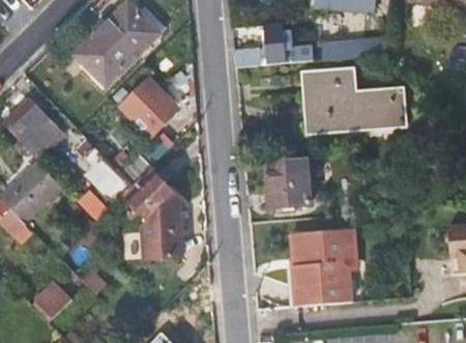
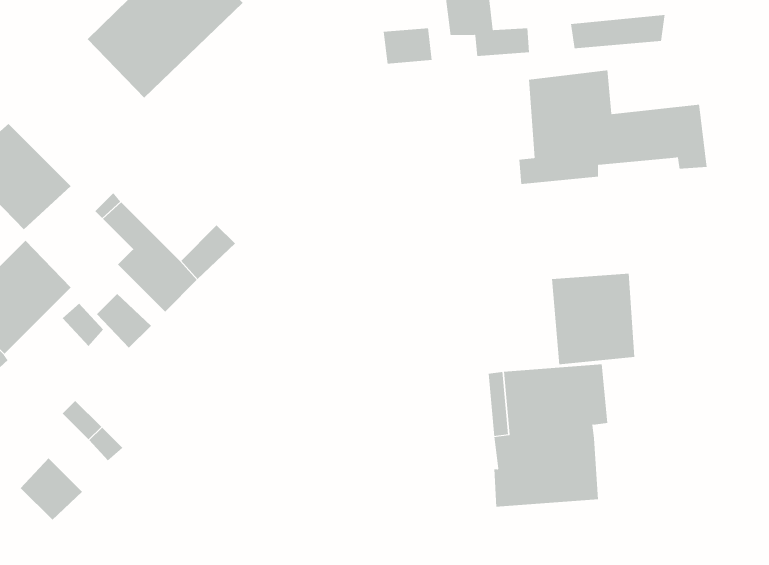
building: [126,80,174,125] -> none
building: [263,159,309,208] -> [551,273,635,365]
building: [125,171,185,261] -> none

